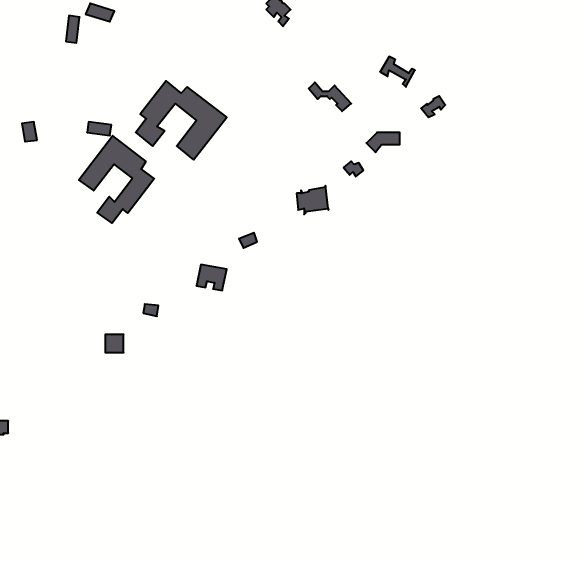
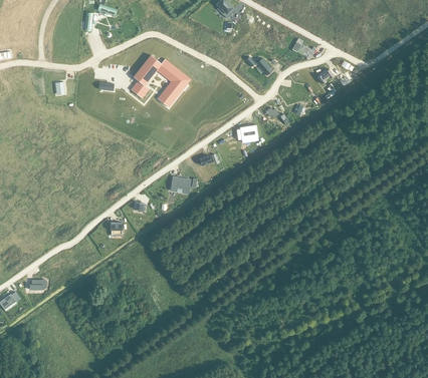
building: [79,136,154,223] -> none

